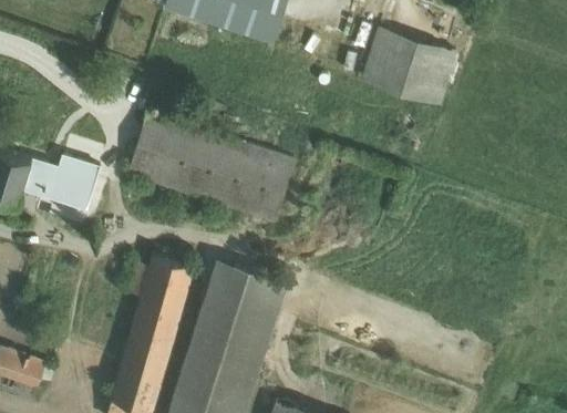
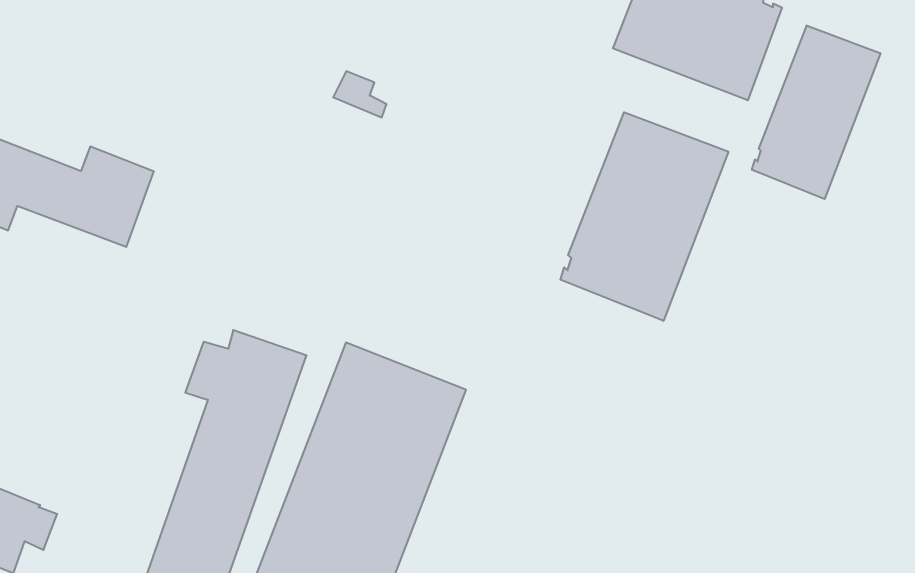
building: none -> [752,25,880,199]
building: [127,113,296,223] -> none
building: none -> [560,112,728,321]

